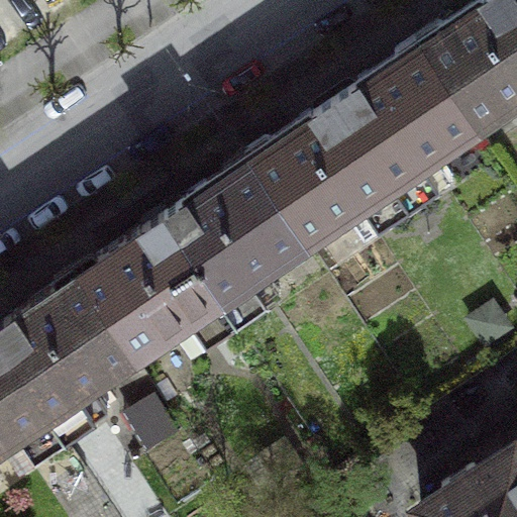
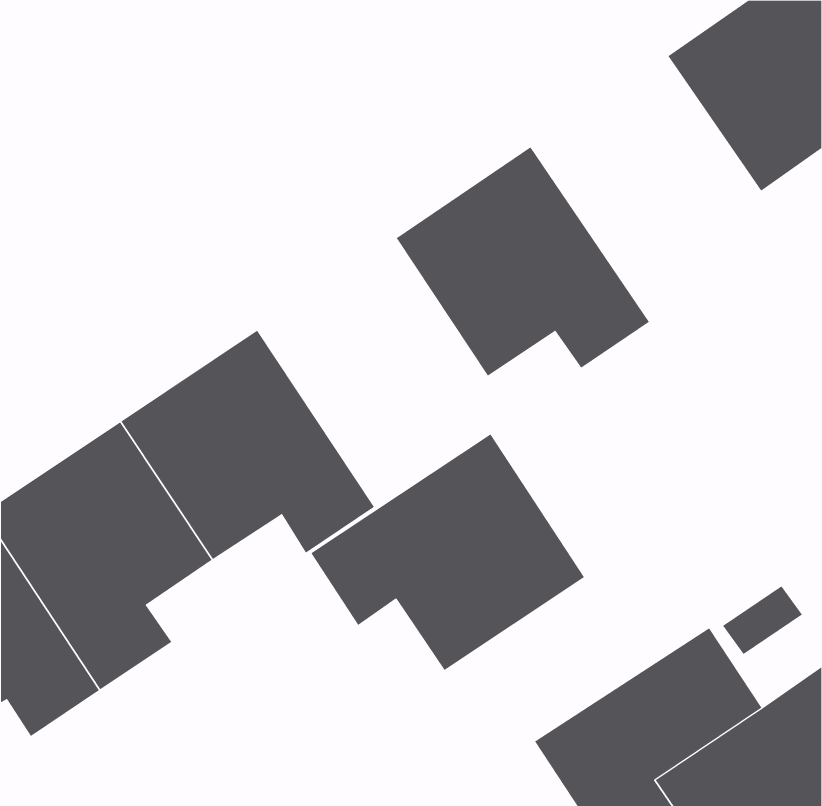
building: [333,45,478,212] -> none
building: [162,160,306,328] -> none
building: none -> [311,433,585,671]

